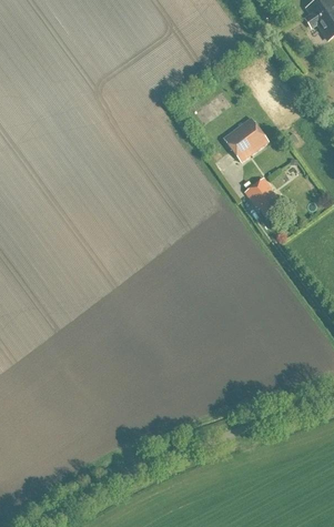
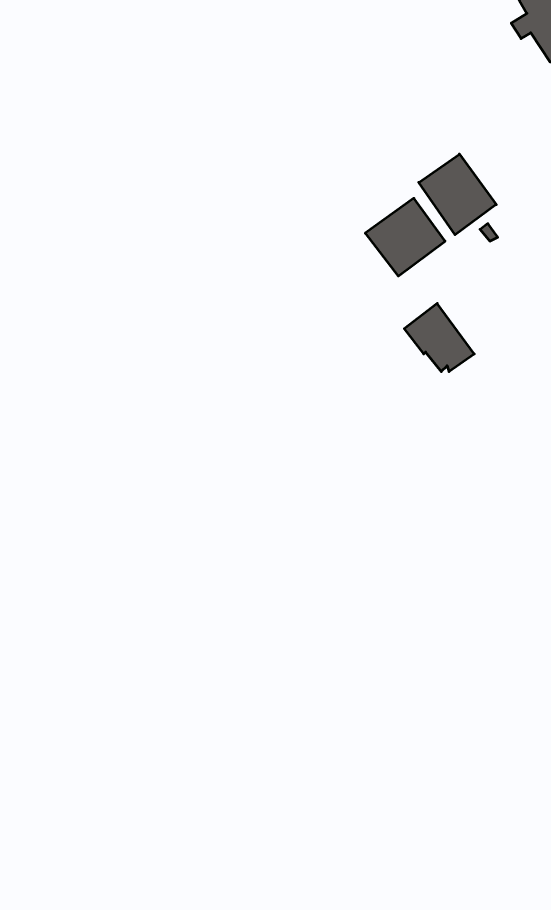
building: none -> [419,154,496,235]

